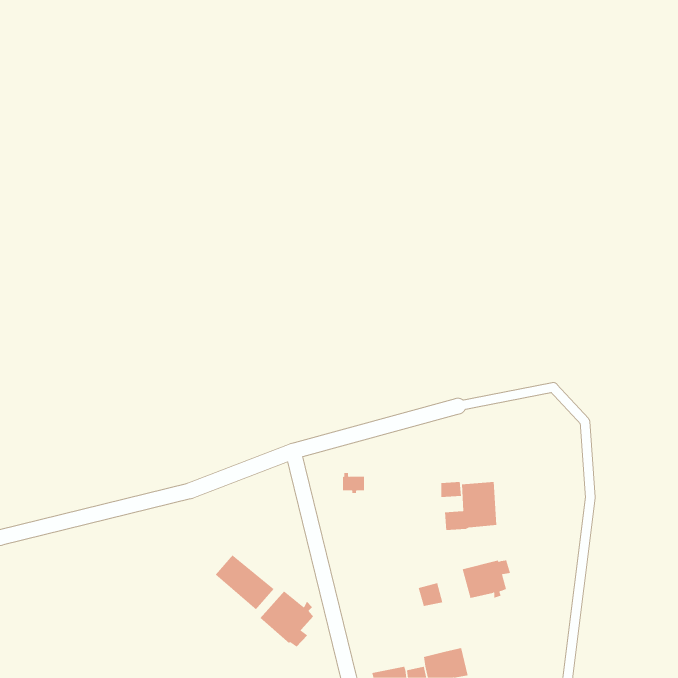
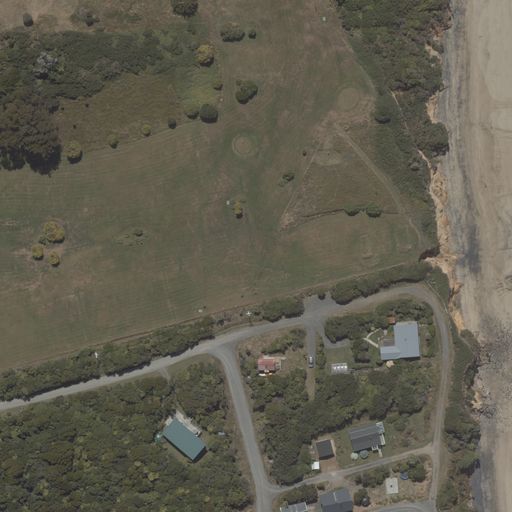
building: [444,481,497,531] -> [380,323,420,360]
building: [259,591,314,648] -> none

